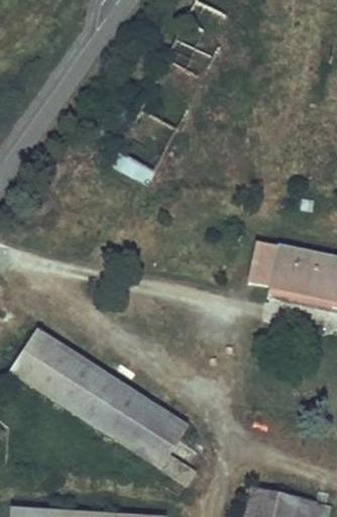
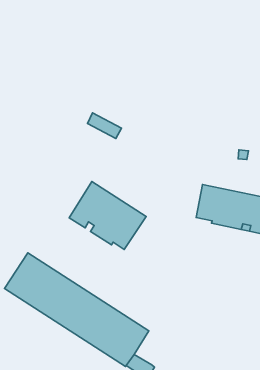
building: none -> [69,181,146,250]

